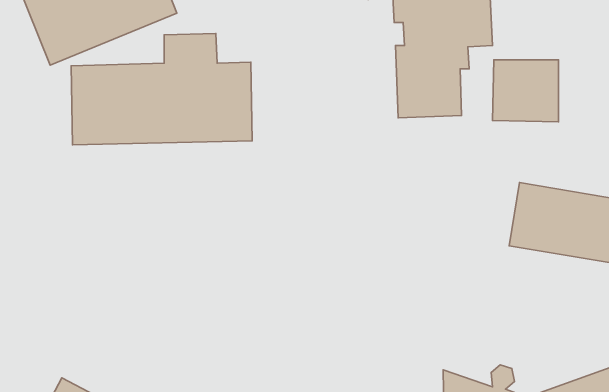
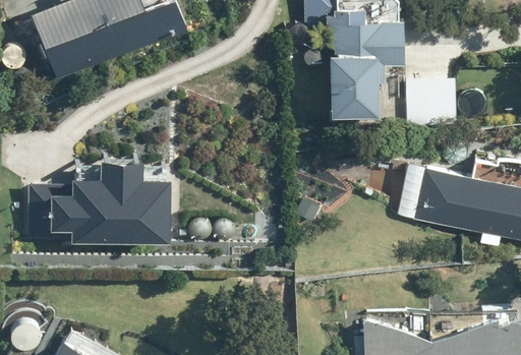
building: [71,34,252,145] -> [27,156,170,243]

